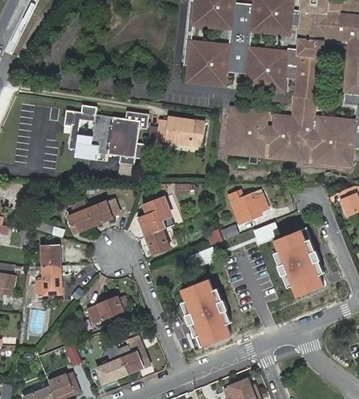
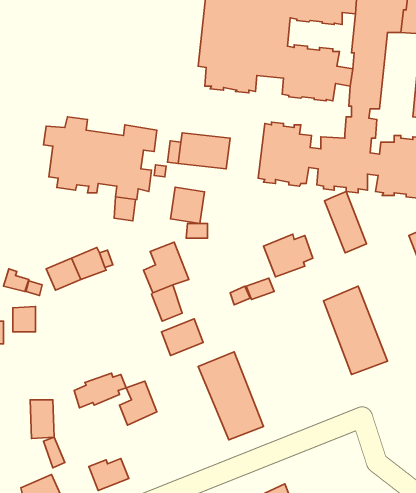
building: none -> [171,187,205,224]
building: none -> [325,192,367,253]
building: none -> [161,319,203,356]
building: [42,264,60,293] -> [30,400,54,439]
building: [123,341,151,374] -> [120,381,157,425]

